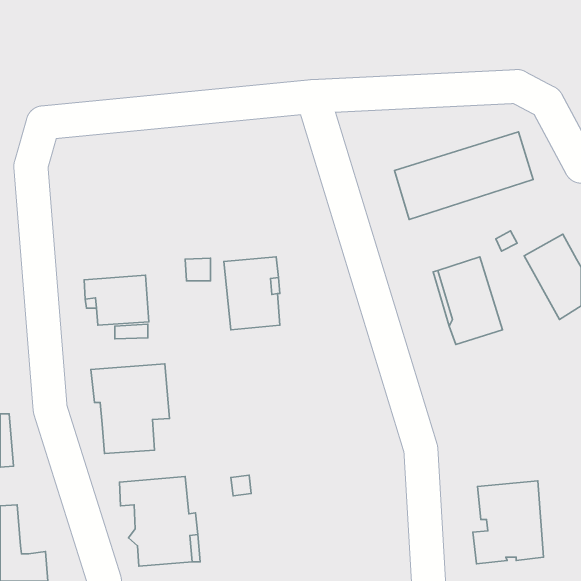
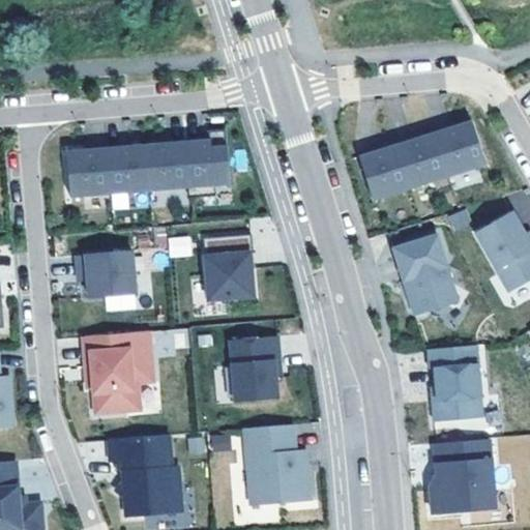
building: none -> [66,128,230,197]
building: none -> [230,335,279,401]
building: none -> [428,344,483,420]
building: none -> [245,423,311,505]

